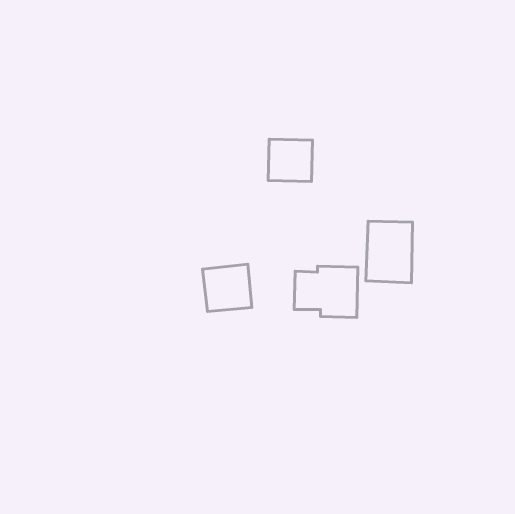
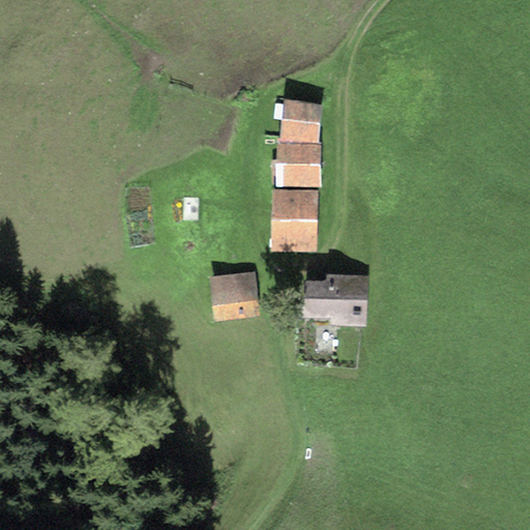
building: none -> [279,98,322,141]
building: [366,221,412,283] -> [270,188,318,252]

